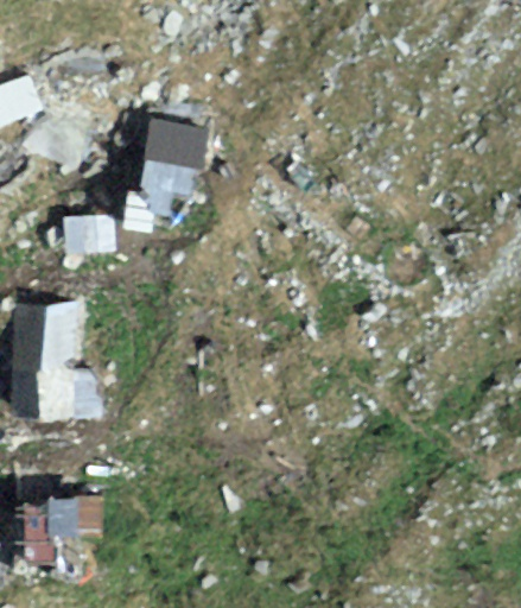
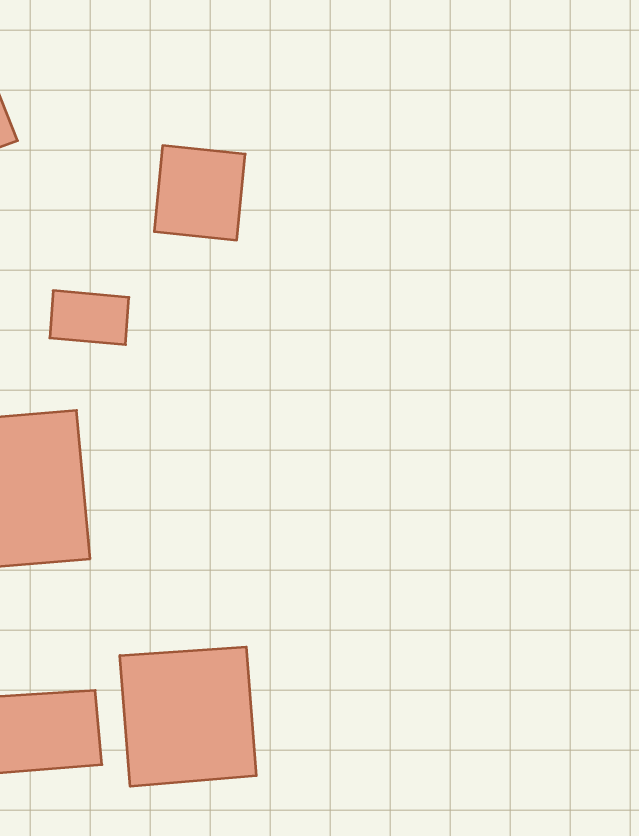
building: none -> [120,647,256,786]

